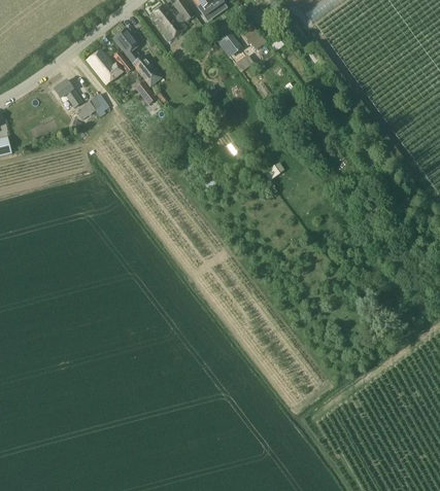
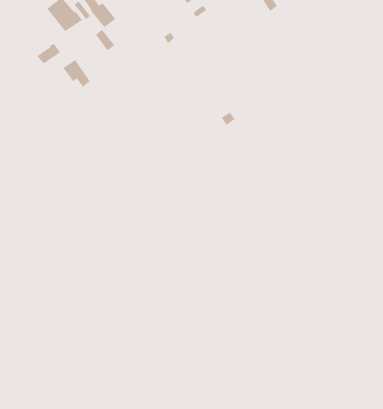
building: [53,77,81,106] -> [62,59,91,87]

